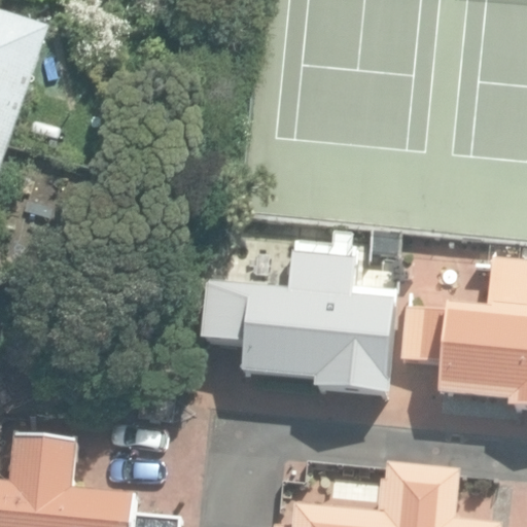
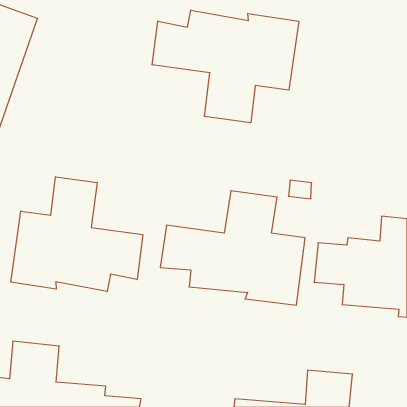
building: none -> [152,10,299,123]
building: none -> [11,177,143,292]

